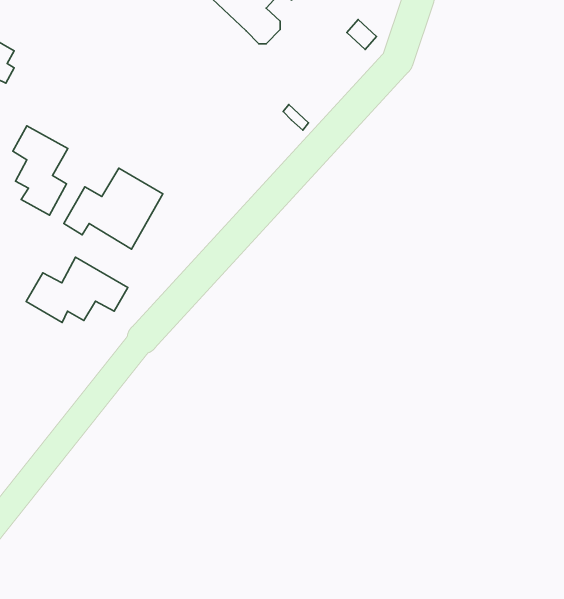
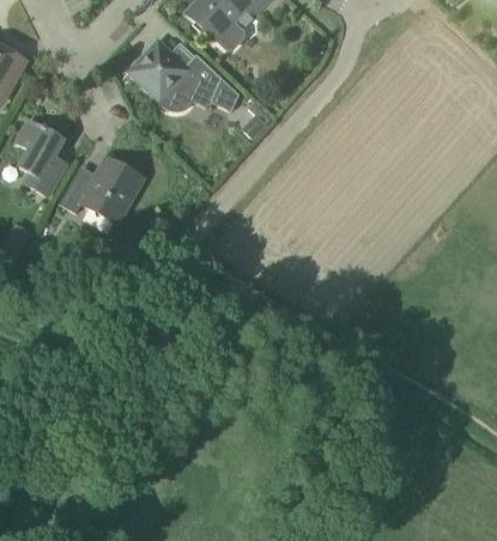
building: none -> [129,39,219,111]
building: [26,257,128,322] -> none

